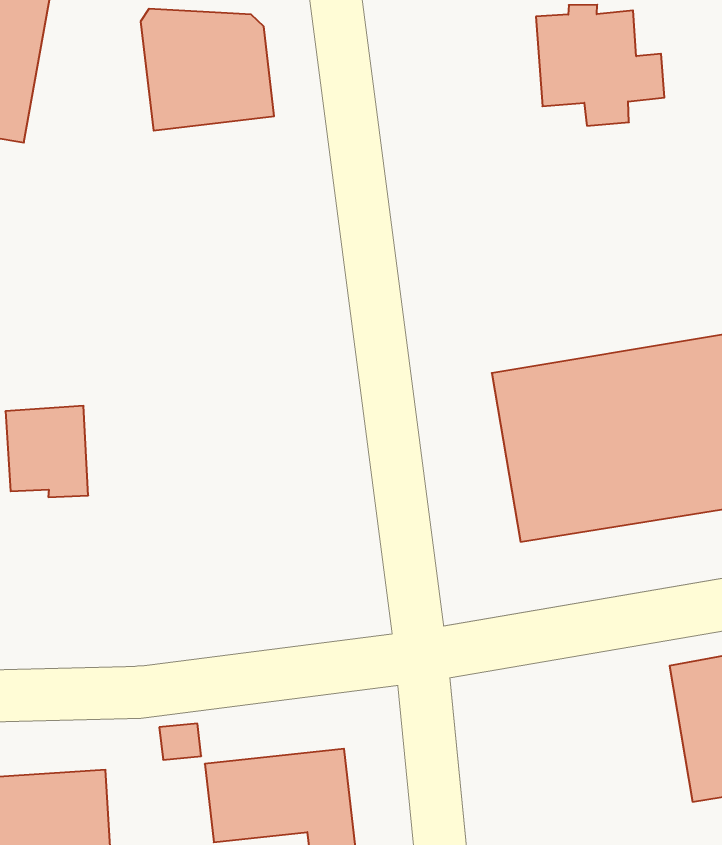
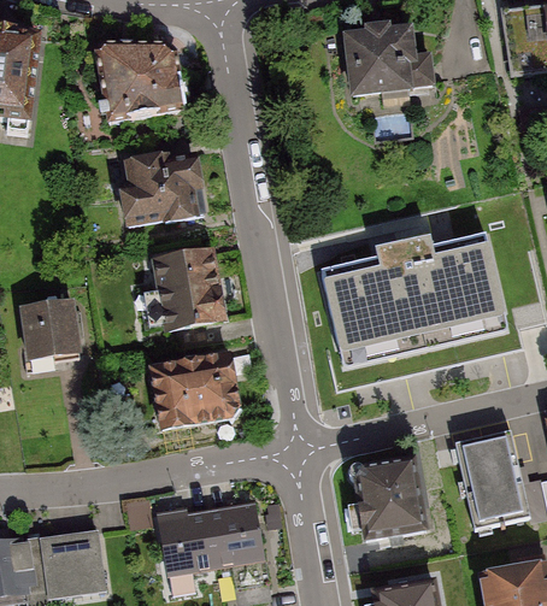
building: none -> [122,155,205,224]
building: none -> [154,251,222,328]
building: none -> [151,352,237,428]
building: none -> [348,458,424,537]

